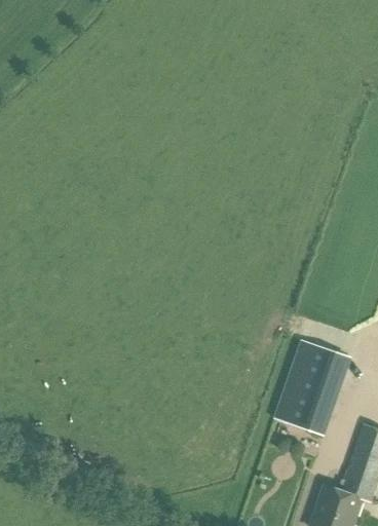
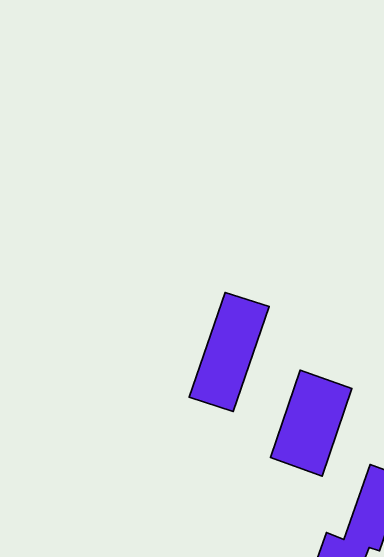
building: none -> [189,292,269,411]

